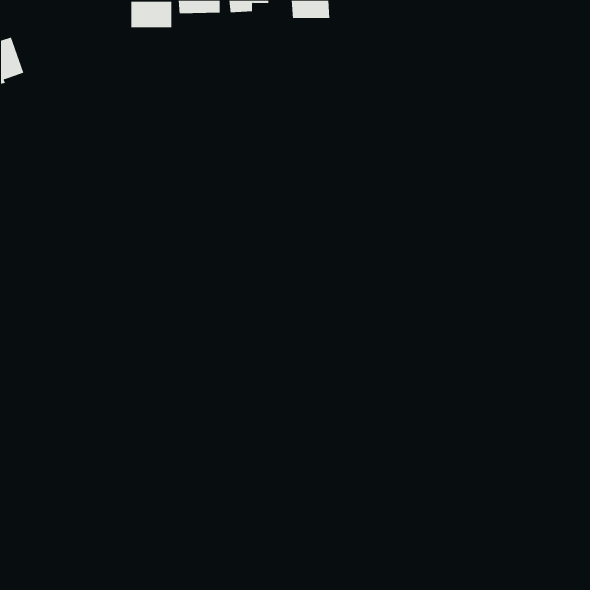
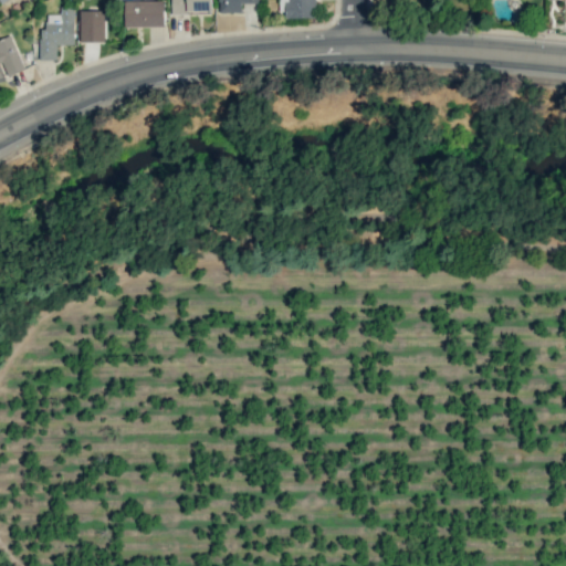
building: none -> [39,7,74,60]
building: none -> [80,10,105,42]

